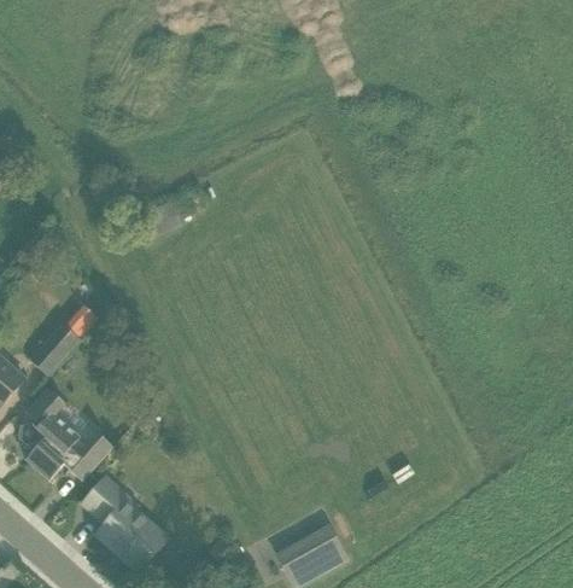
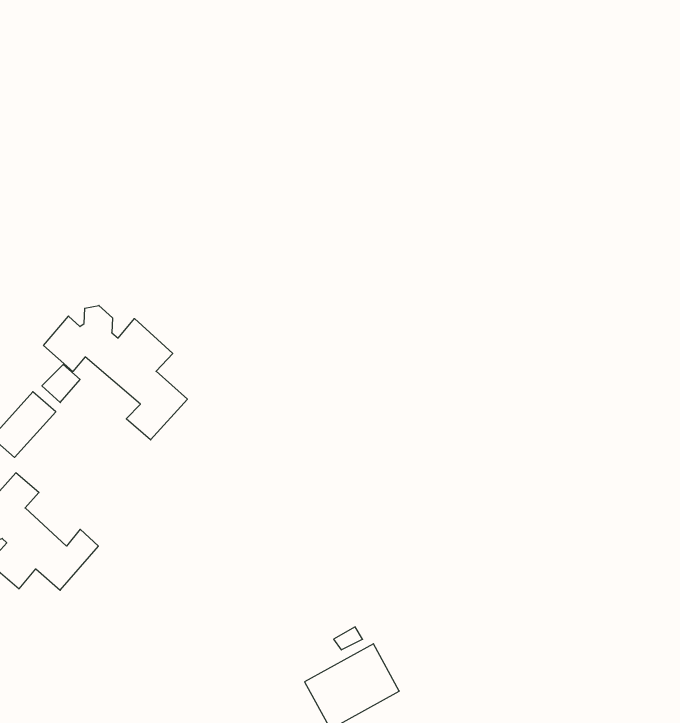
building: none -> [44,305,187,440]
building: [81,477,166,571] -> none

